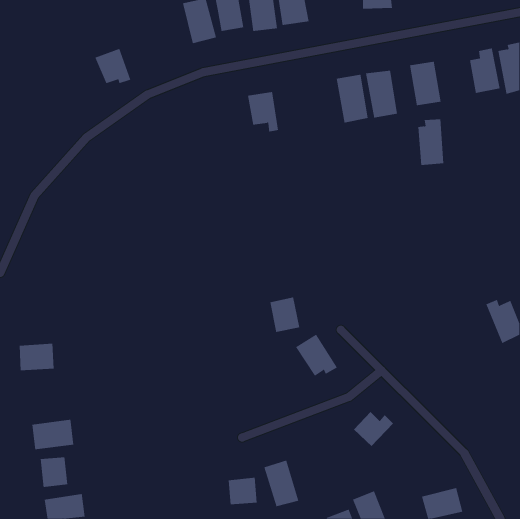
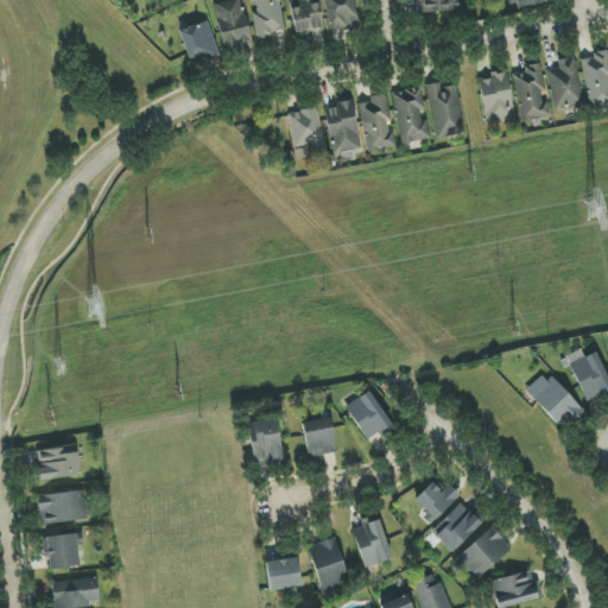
building: [94,48,131,84] -> [178,20,221,62]
building: none -> [360,93,397,151]
building: none -> [323,100,362,157]
building: [418,119,444,166] -> [517,64,547,119]
building: [270,297,300,333] -> [302,416,337,457]
building: none -> [531,376,584,430]
building: [19,343,54,371] -> [37,446,78,479]
building: none -> [249,418,283,467]
building: none -> [431,502,481,552]
building: none -> [352,513,392,568]
building: none -> [455,526,511,581]

